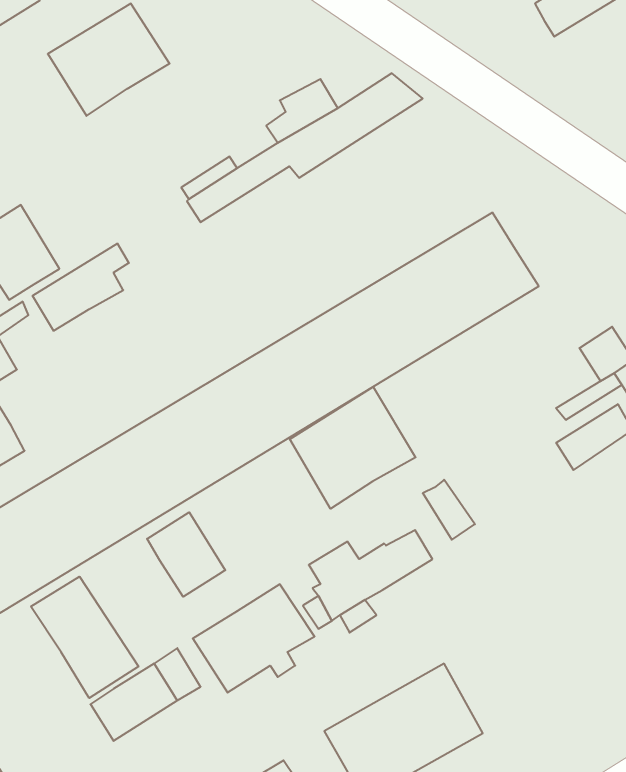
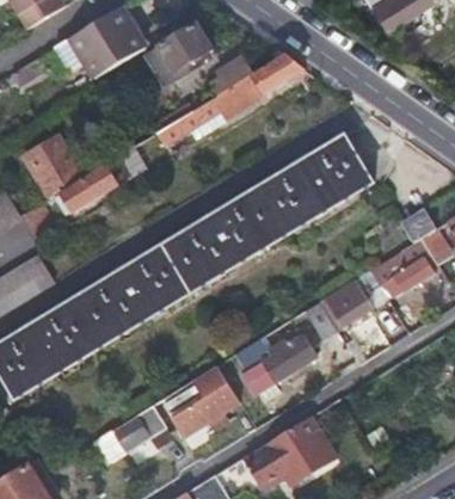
building: none -> [147,19,214,82]
building: [290,387,416,509] -> none
building: none -> [325,279,370,325]
building: [147,512,225,597] -> none
building: [31,577,138,698] -> none

